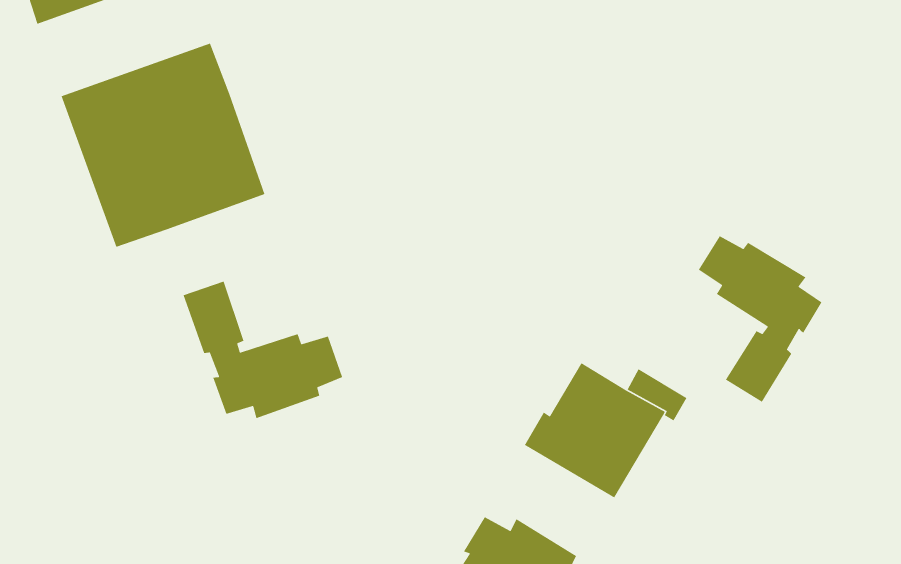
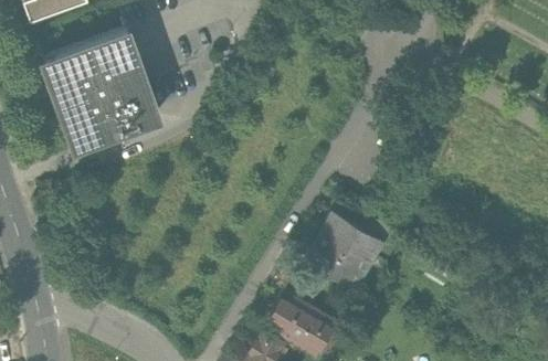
building: [698,235,822,403] -> none
building: [182,280,343,419] -> none

